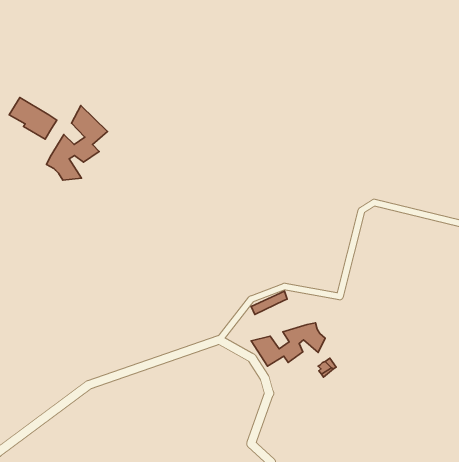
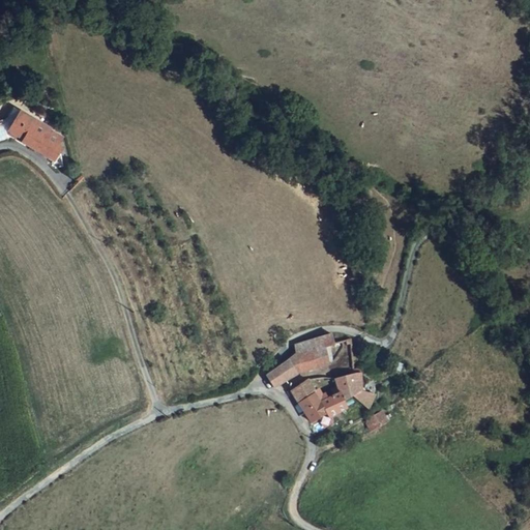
building: [47,106,107,180] -> none
building: none -> [271,344,331,383]

